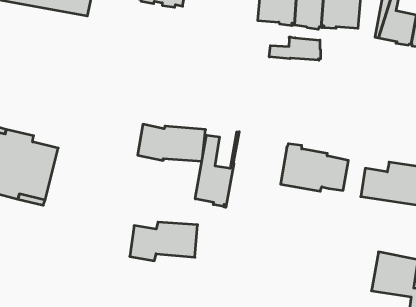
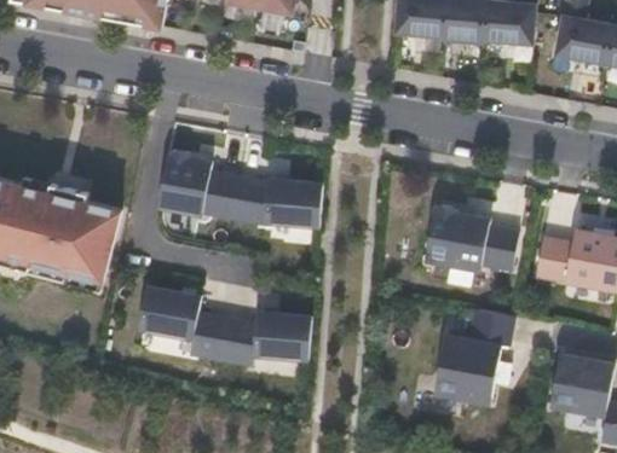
building: [269,37,321,60] -> none
building: none -> [156,150,237,219]
building: [195,132,239,207] -> none
building: none -> [142,285,225,359]
building: none -> [436,308,513,402]

